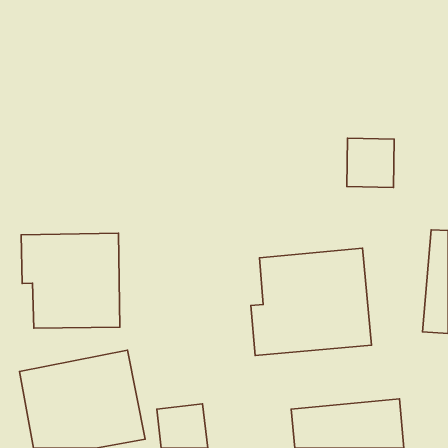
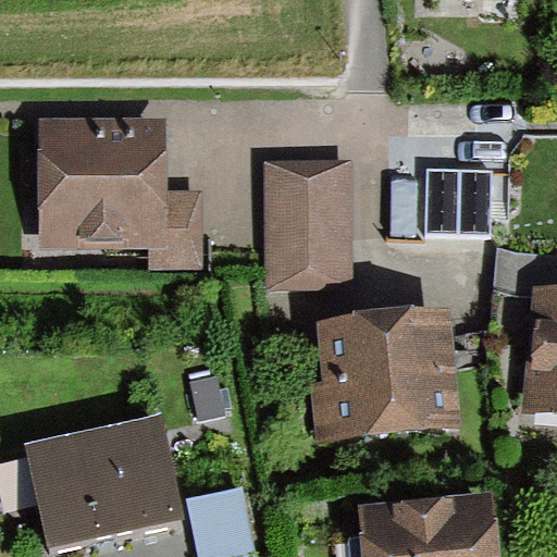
building: none -> [37,117,201,265]
building: none -> [264,157,352,285]
building: [21,233,120,328] -> none

